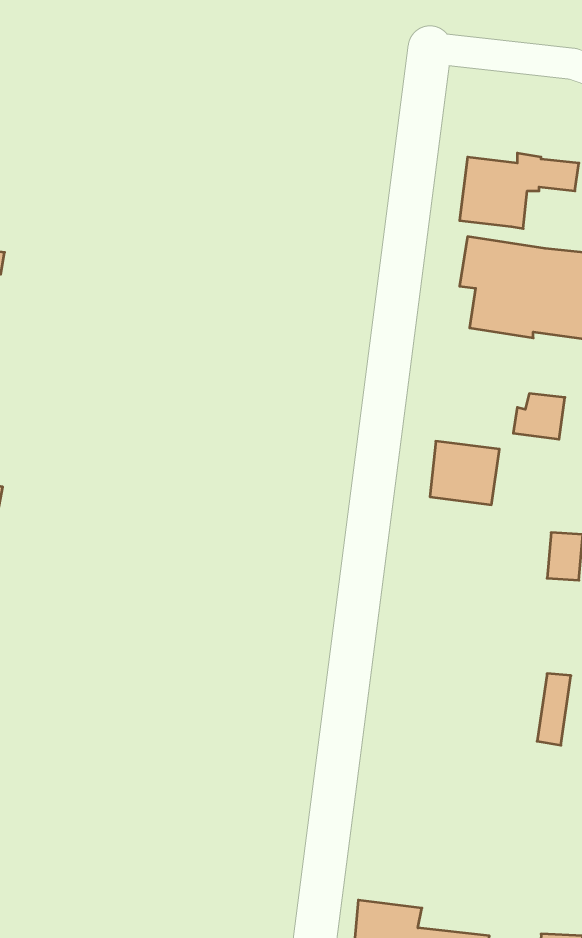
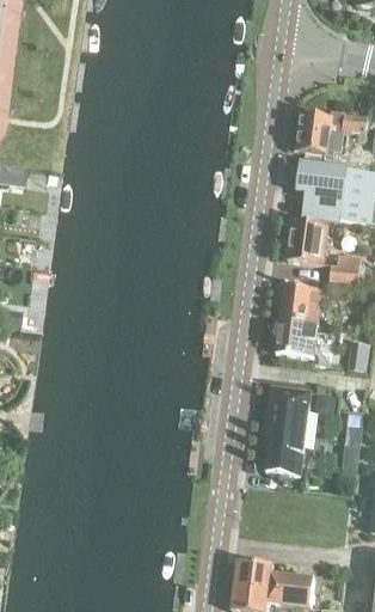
building: none -> [285,220,326,264]
building: none -> [273,317,315,357]
building: none -> [263,385,311,473]

